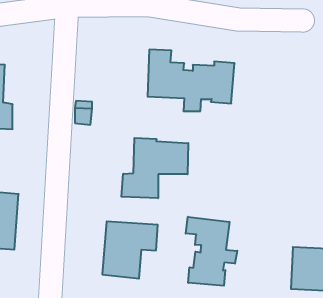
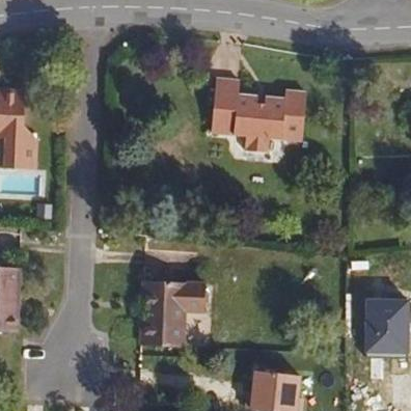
building: [121,138,188,198] -> none
building: [186,217,237,286] -> none

